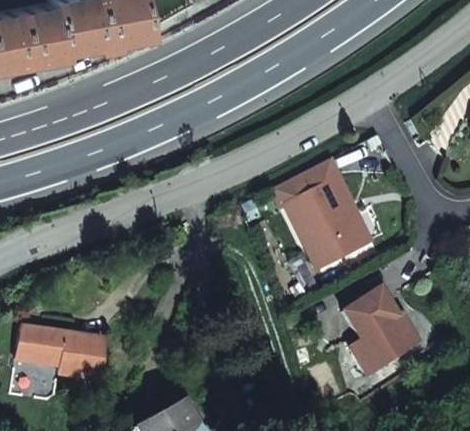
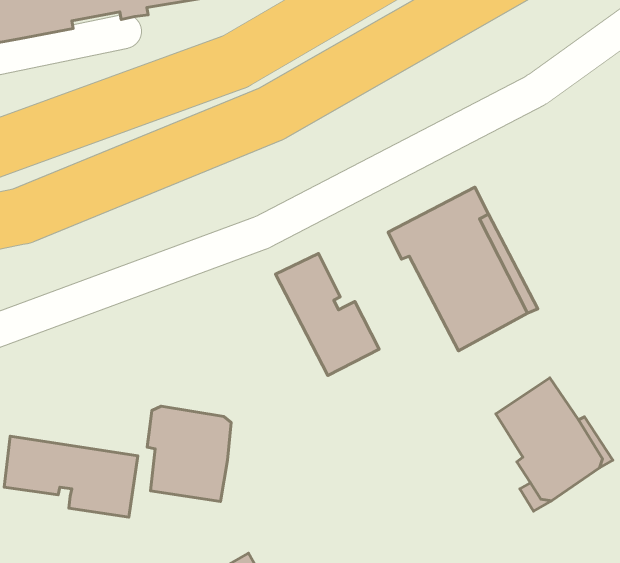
building: none -> [275,254,379,375]
building: none -> [147,406,231,501]

